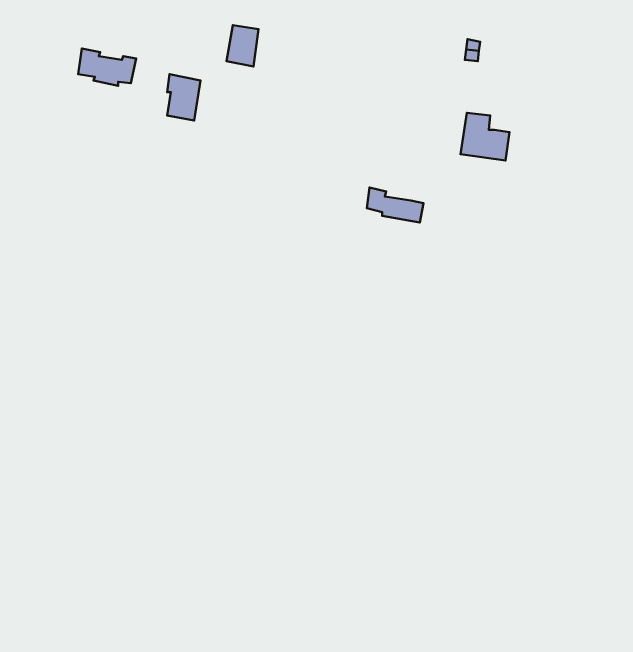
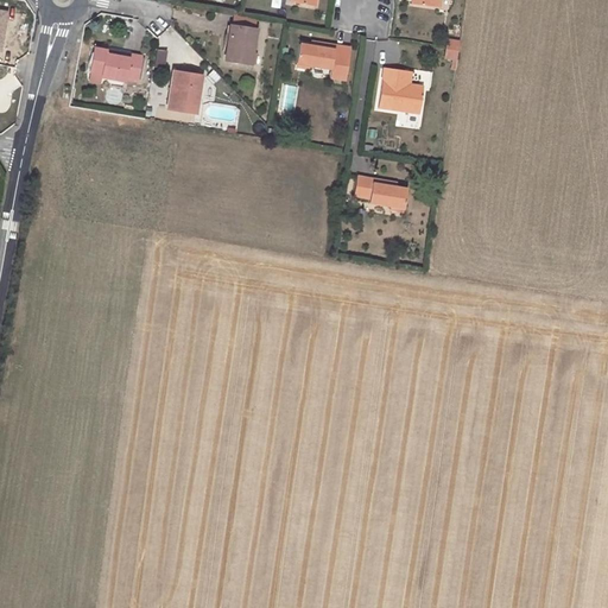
building: none -> [298,43,353,80]
building: [461,113,510,161] -> [379,68,424,112]

